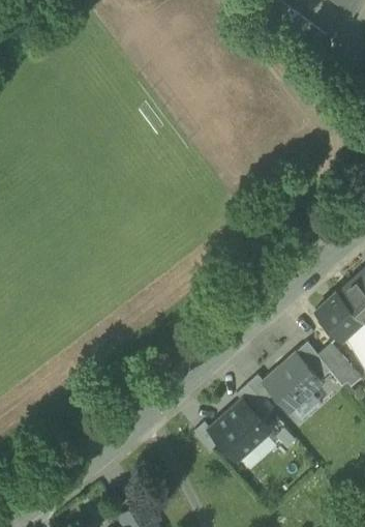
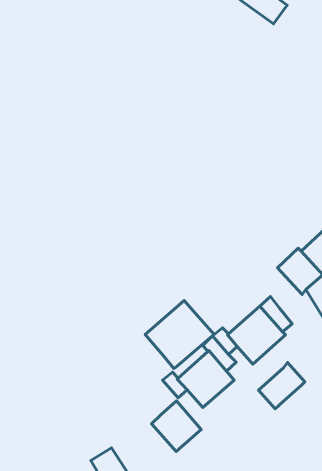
building: [318,342,355,382] -> none
building: none -> [145,300,214,369]
building: none -> [259,362,305,409]
building: none -> [151,401,201,451]

